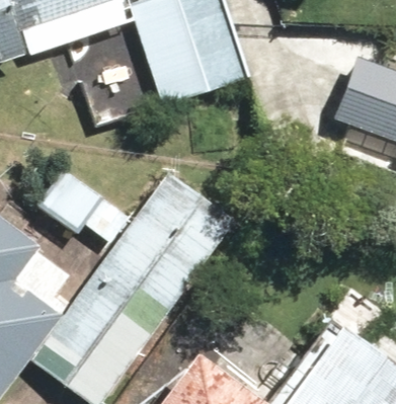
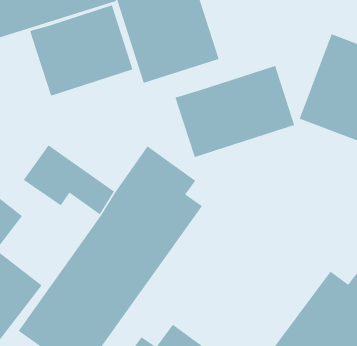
building: none -> [29,5,133,97]
building: none -> [175,65,295,158]

